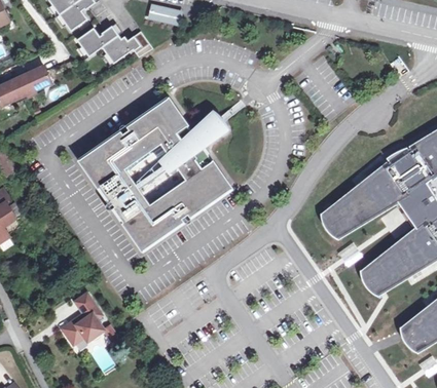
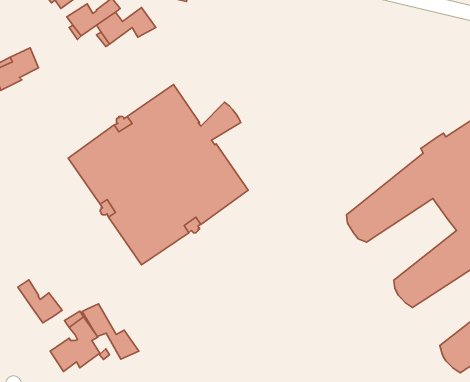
building: none -> [18,280,62,323]
building: none -> [82,304,139,359]

